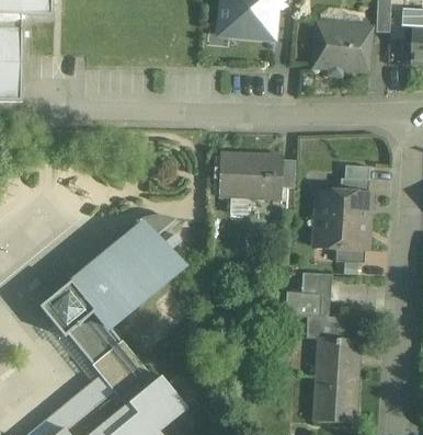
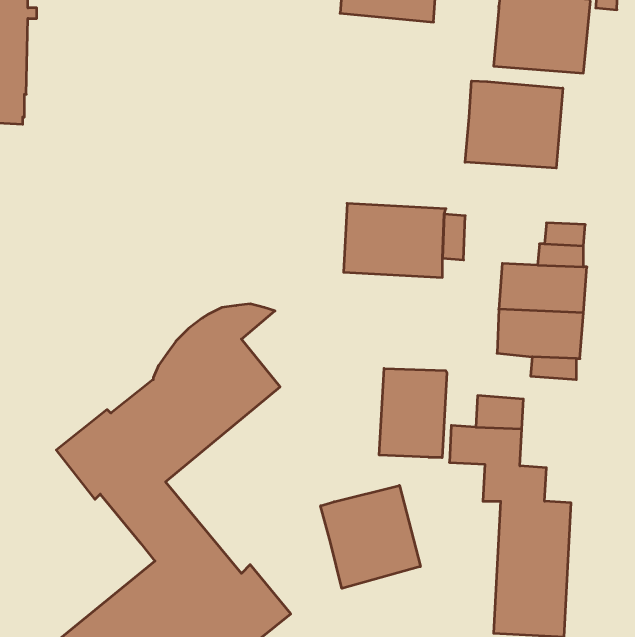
building: none -> [465,81,563,168]
building: none -> [379,368,447,458]
building: none -> [321,485,420,588]

